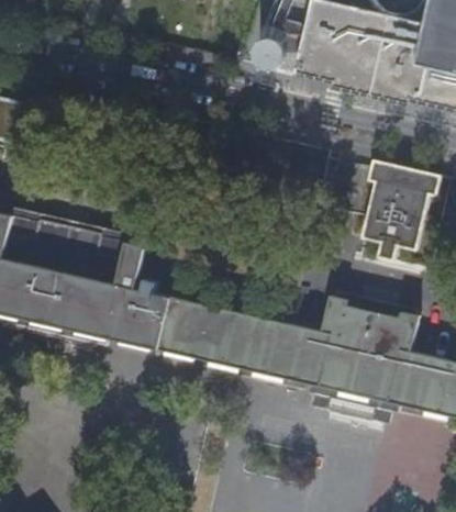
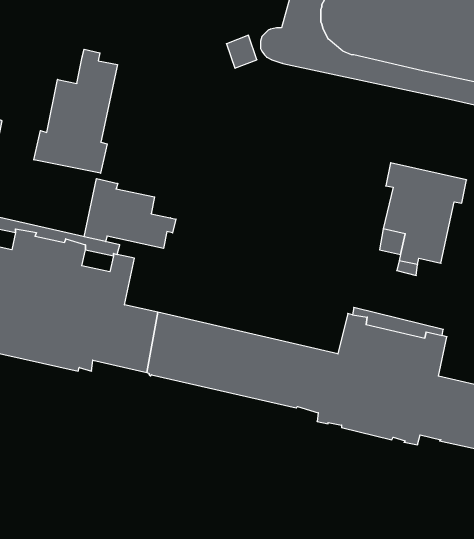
building: none -> [34,49,117,173]
building: none -> [84,179,176,248]

